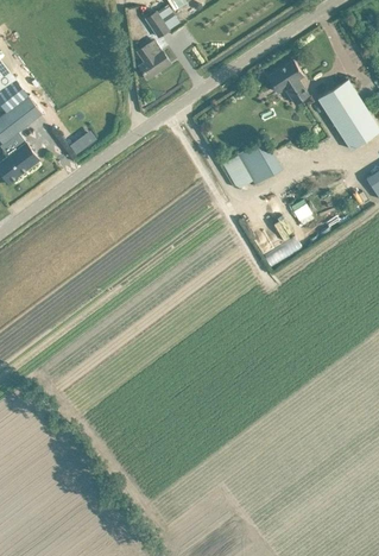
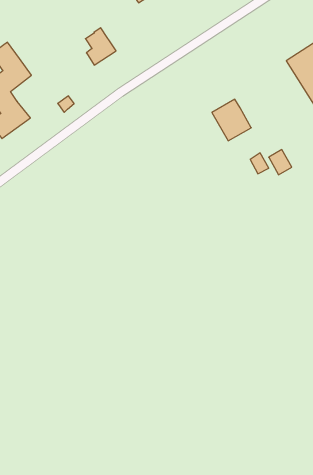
building: [137,39,170,80] -> [85,28,116,65]
building: [266,59,308,105] -> none

